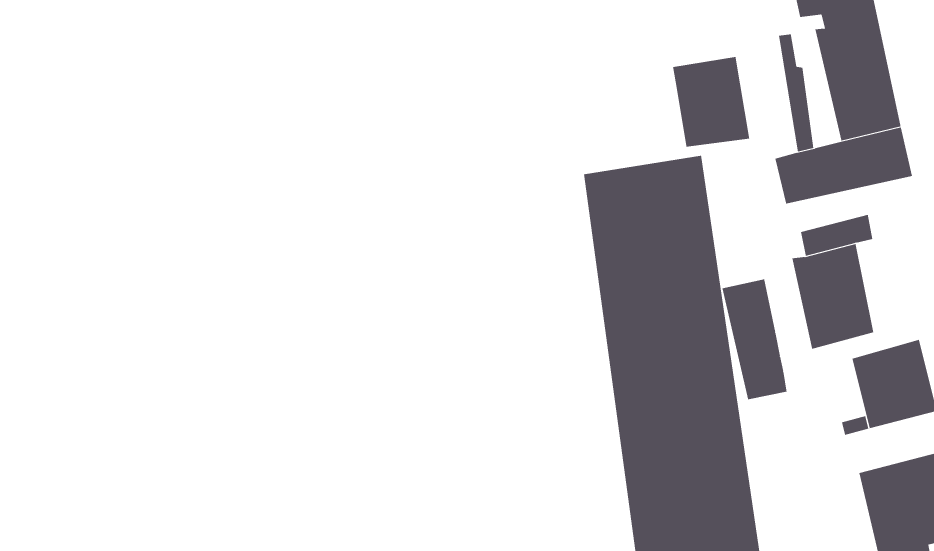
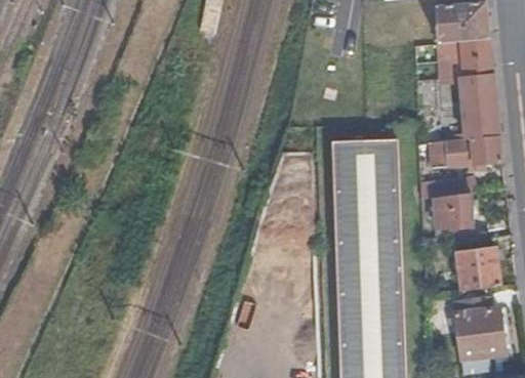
building: [673,56,750,148] -> none
building: [722,278,787,400] -> none

